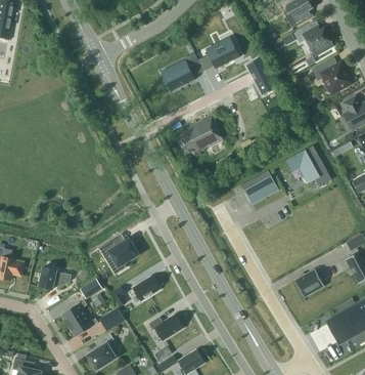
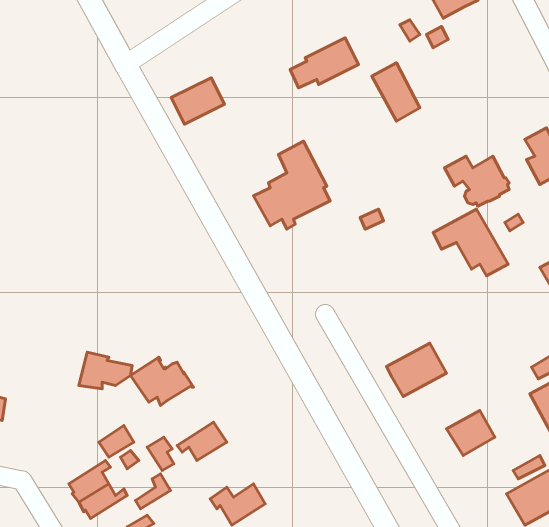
building: [293,25,333,56] -> none
building: [162,62,194,91] -> [171,78,224,124]
building: [311,62,351,93] -> [444,156,509,206]
building: [240,170,277,203] -> [387,343,447,396]
building: [38,266,71,289] -> [79,352,132,389]

